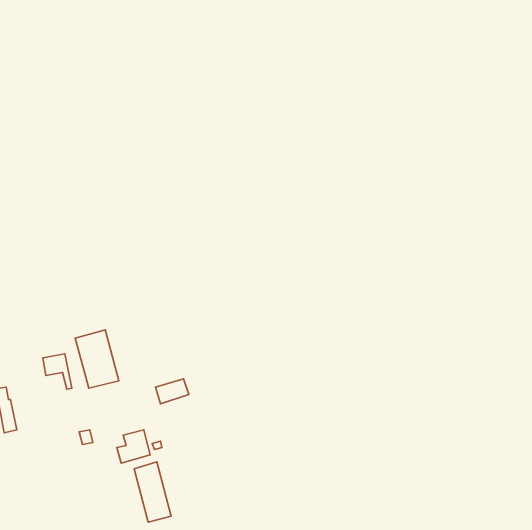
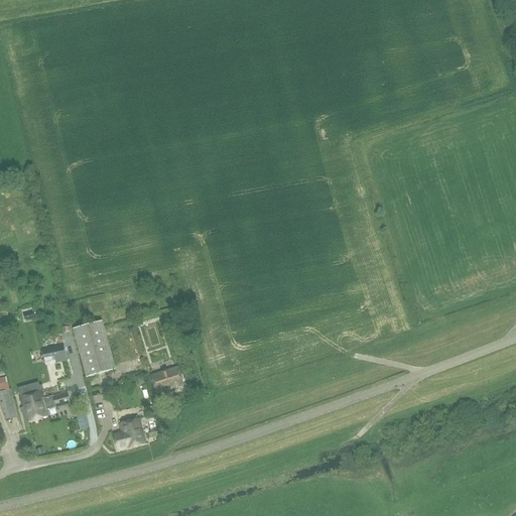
building: none -> [19,388,70,419]
building: [134,462,171,522] -> none

